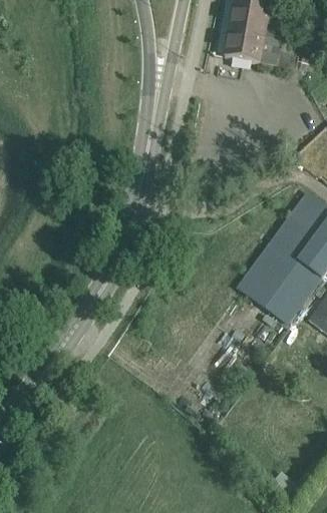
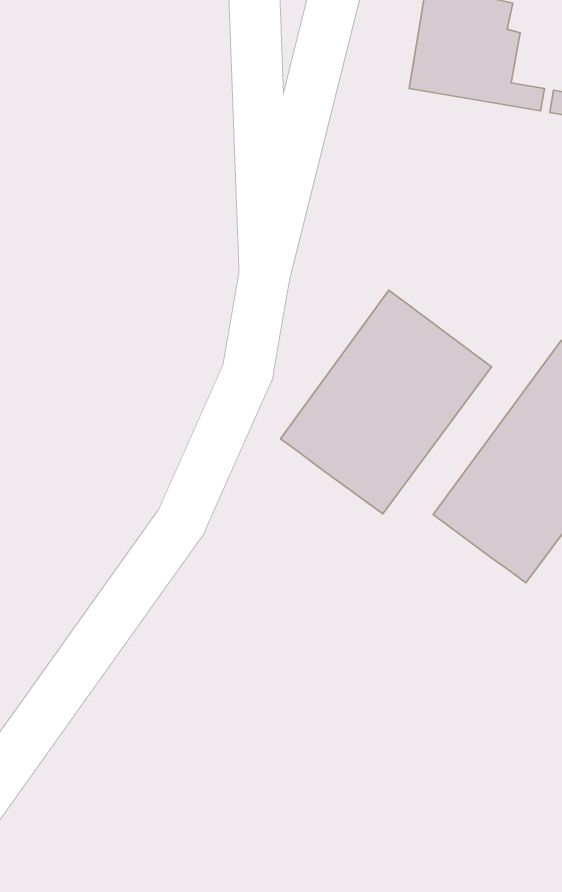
building: none -> [281,290,492,514]

